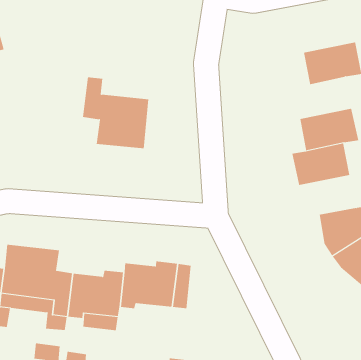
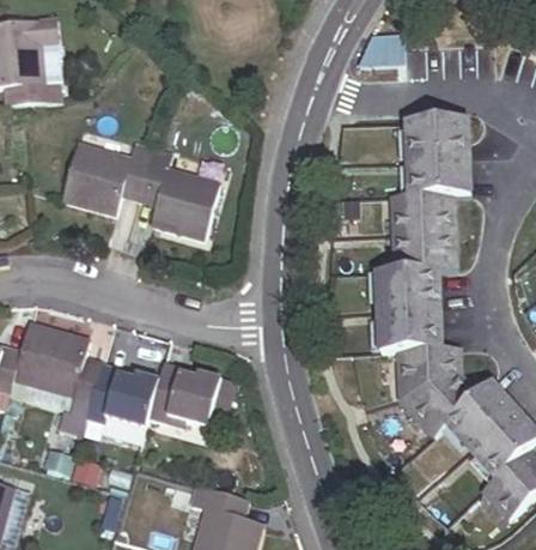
building: none -> [404,119,468,157]
building: none -> [63,140,153,213]
building: none -> [388,193,451,232]
building: none -> [376,307,438,346]

